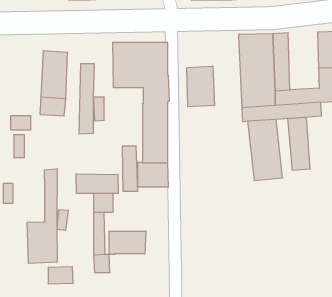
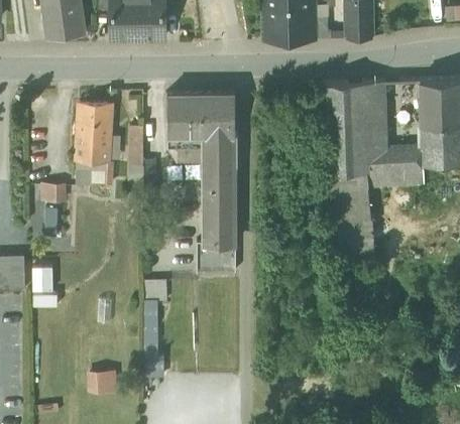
building: [187,66,215,107] -> none
building: [288,117,310,170] -> none
building: [122,146,137,192] -> none
building: [27,169,57,263] -> none
building: [76,174,118,193] -> none
building: [109,231,146,254] -> none

